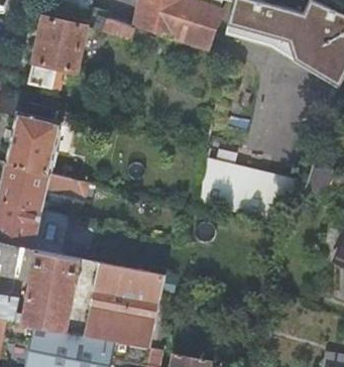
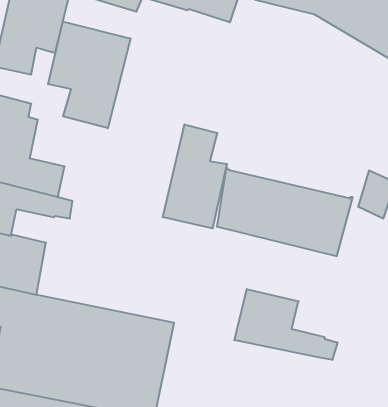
building: none -> [48,22,131,128]
building: none -> [163,124,227,228]
building: none -> [234,289,337,360]

